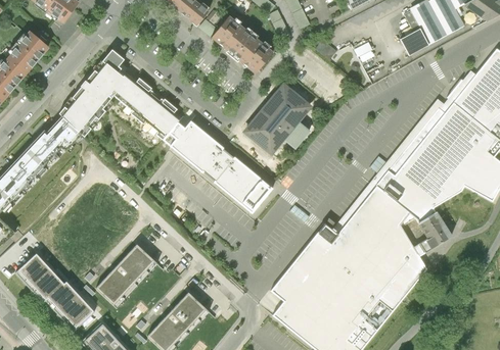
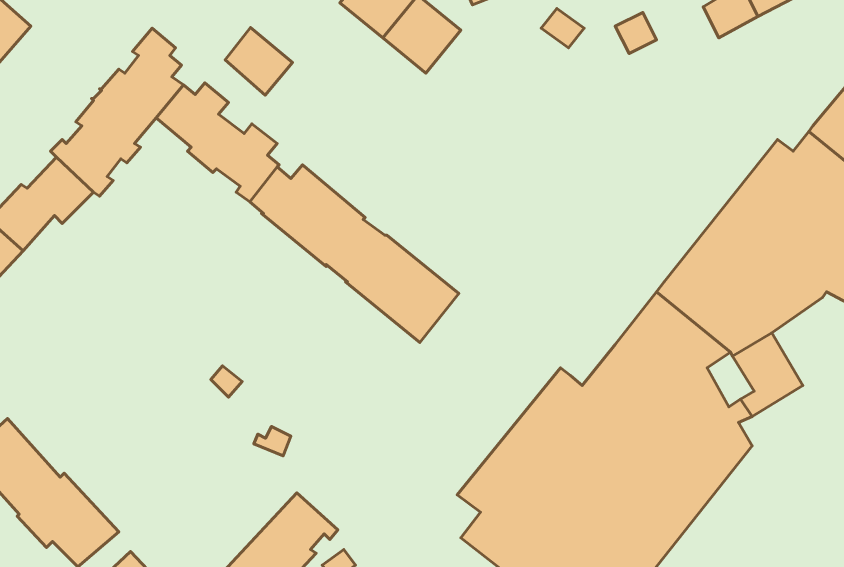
building: none -> [225,27,293,95]
building: [245,85,309,151] -> none
building: [95,243,156,306] -> none

